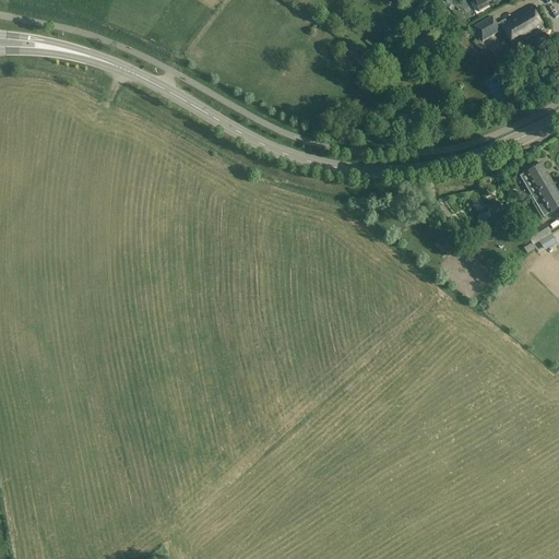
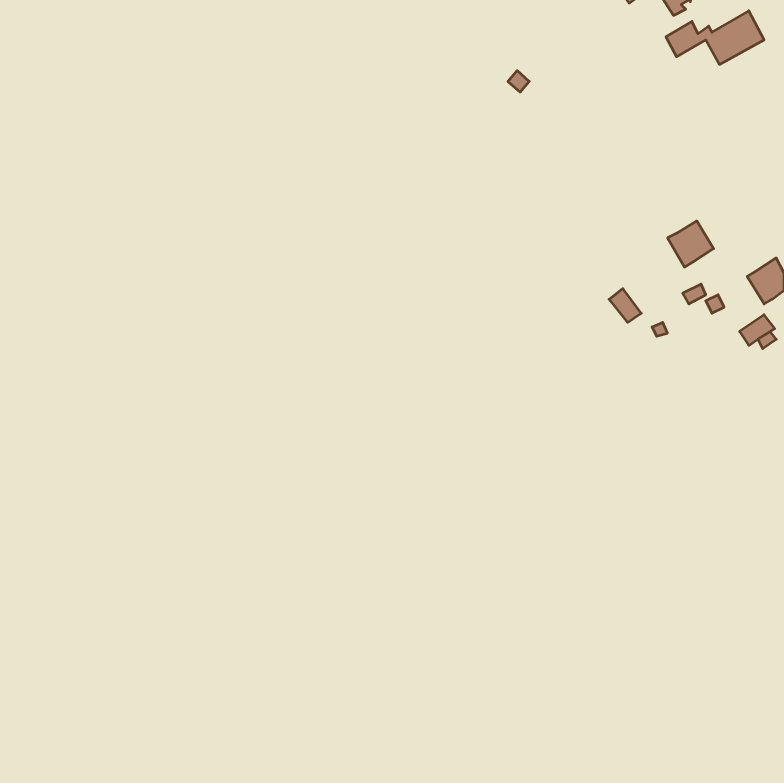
building: [520,164,552,197] -> [668,221,714,267]

